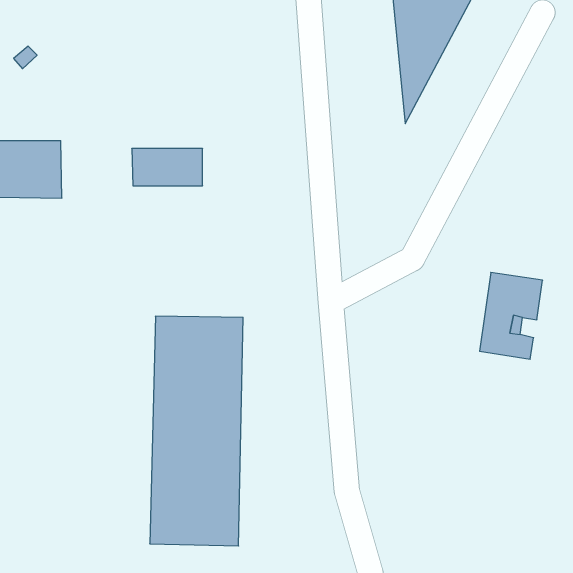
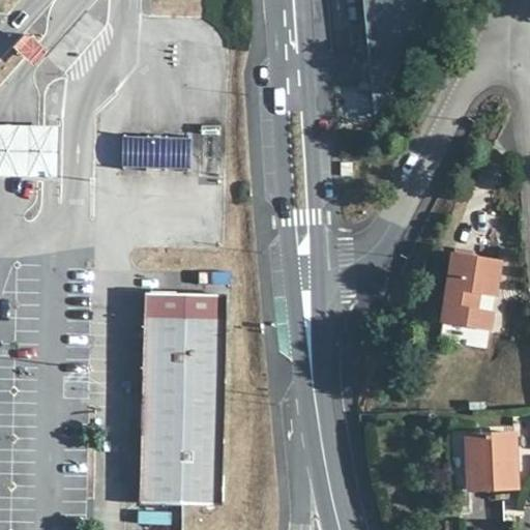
building: none -> [465,431,514,491]

